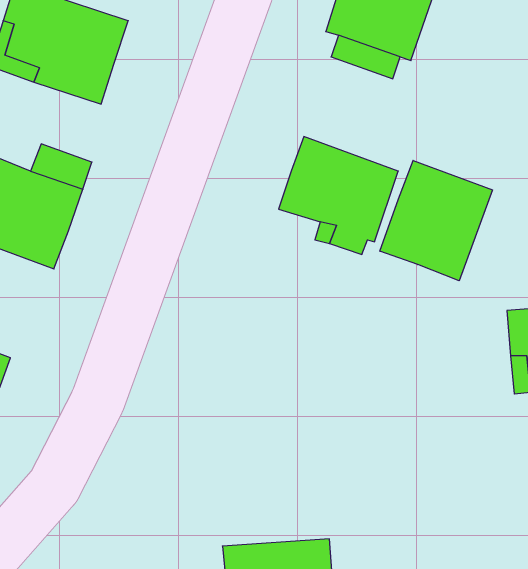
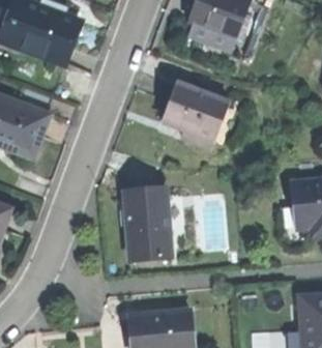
building: [380,160,492,281] -> none
building: none -> [124,187,174,260]

